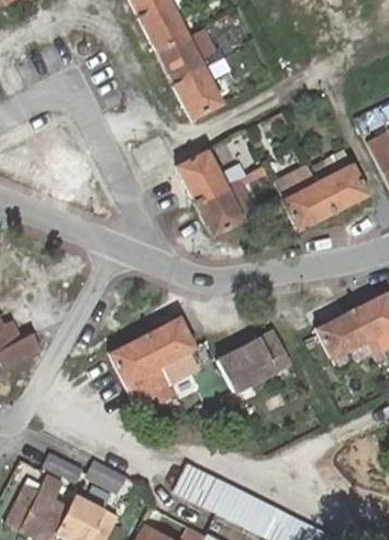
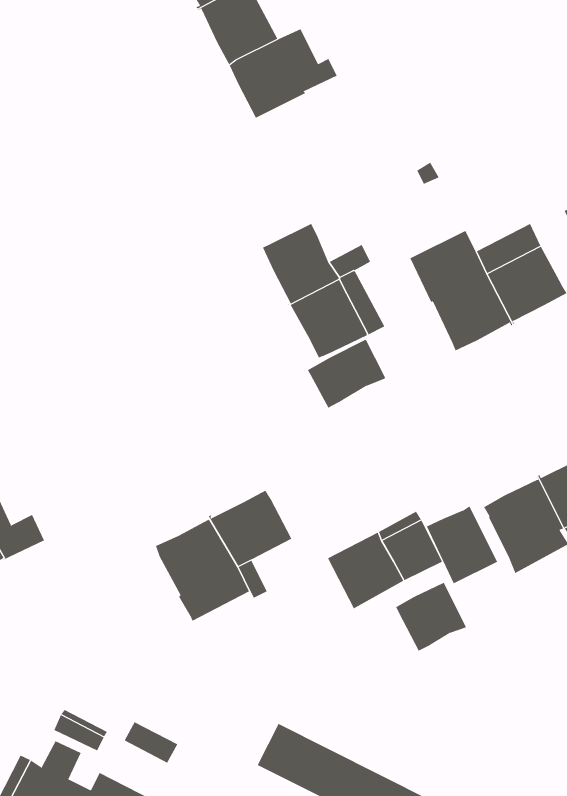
building: [173,57,230,120] -> none
building: none -> [307,337,386,408]
building: none -> [426,505,498,584]
building: none -> [395,580,466,652]

